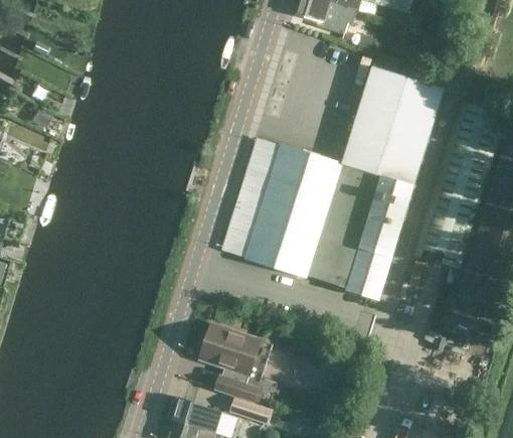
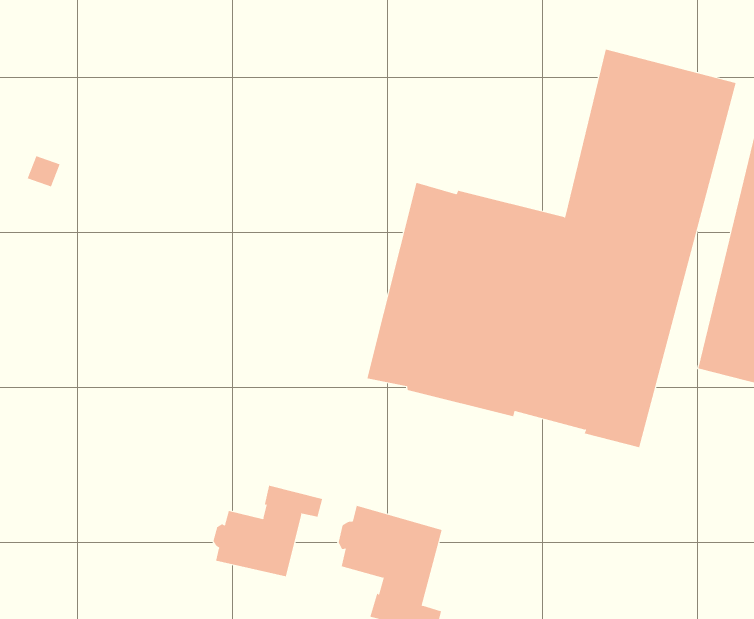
building: none -> [213,485,323,577]

